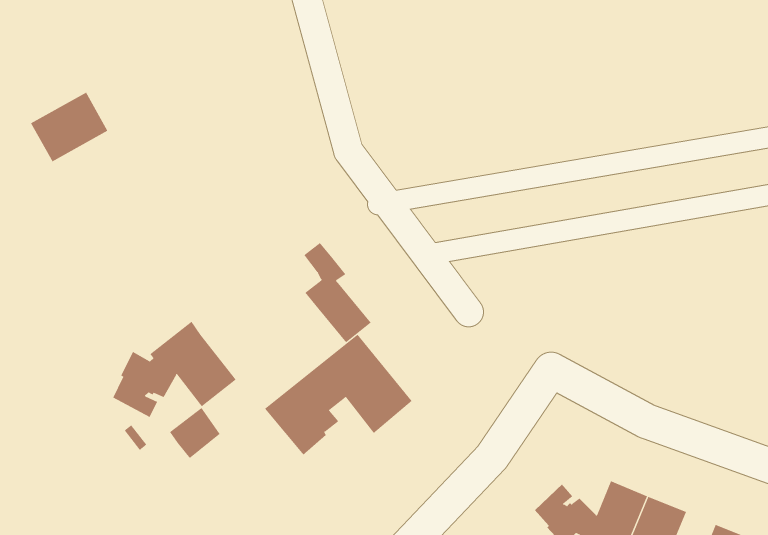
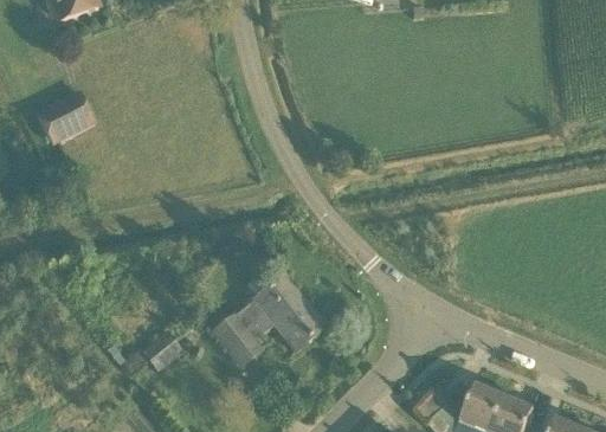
building: [304,242,371,343] -> none
building: [113,321,237,418] -> none

